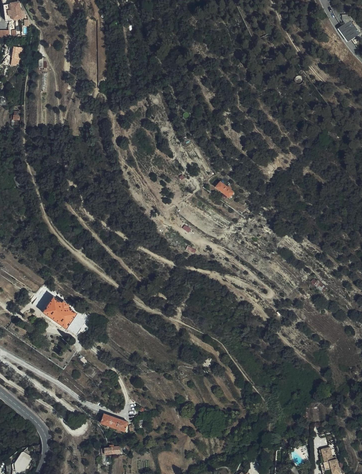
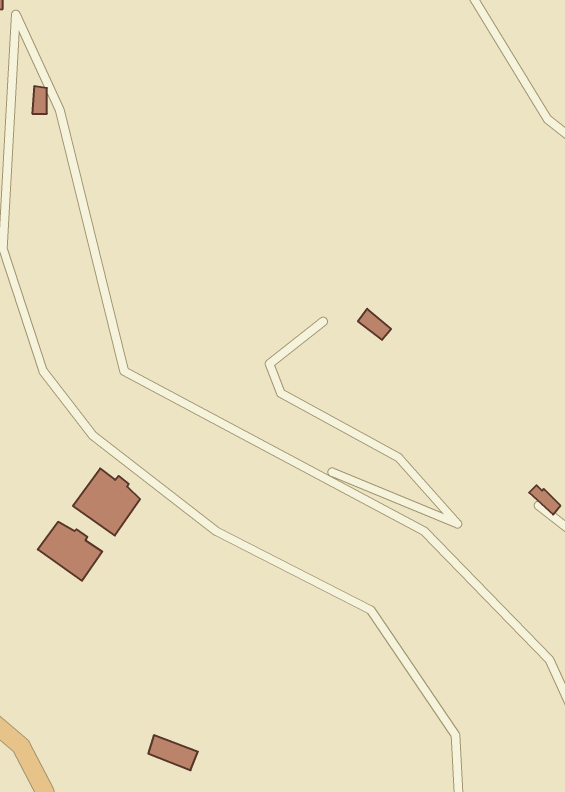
building: none -> [73,468,140,536]

